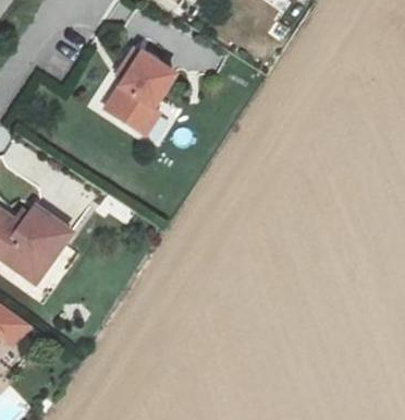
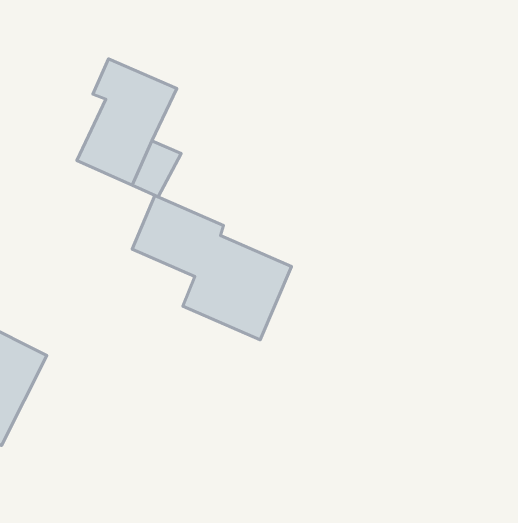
building: none -> [132,195,292,340]

